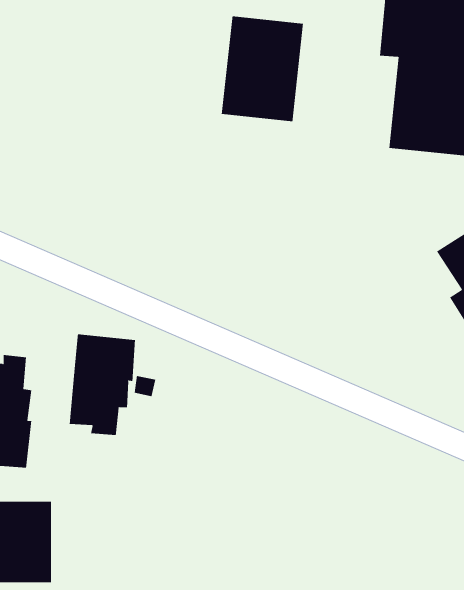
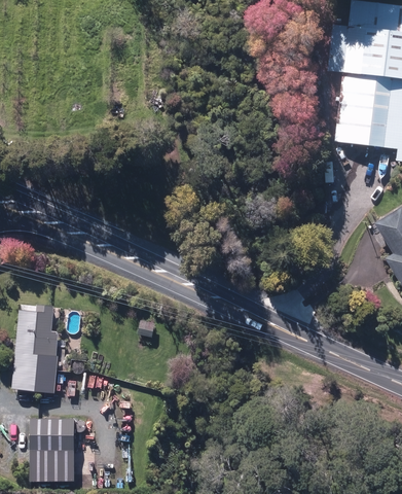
building: [221,15,304,122] -> none
building: [69,334,136,436] -> none

